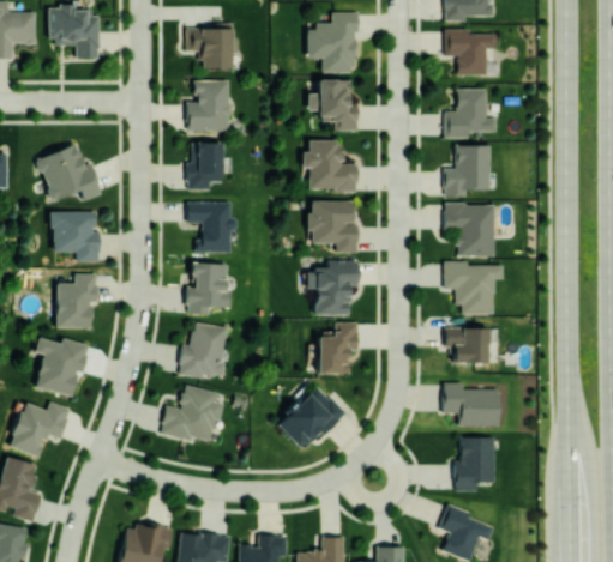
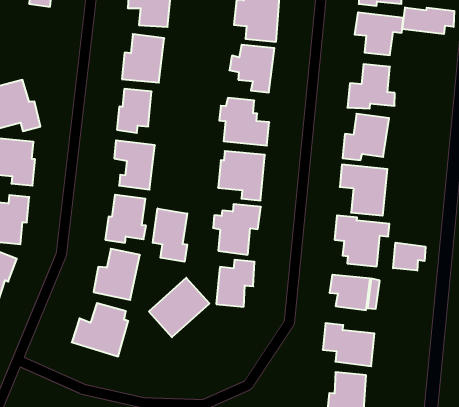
building: none -> [403,7,454,34]
building: none -> [153,208,187,262]
building: none -> [393,243,425,271]
building: [276,383,343,452] -> [149,278,209,337]

